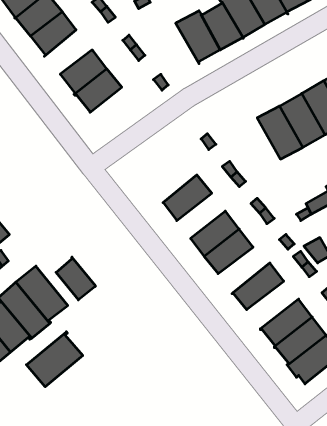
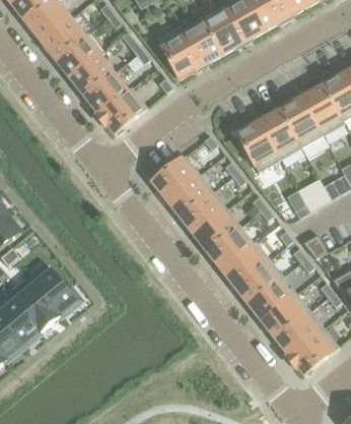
building: none -> [157,26,202,79]
building: none -> [54,34,103,78]
building: none -> [95,87,147,135]
building: none -> [236,120,280,172]
building: none -> [151,156,200,201]
building: none -> [181,192,227,236]
building: none -> [220,242,270,289]
building: [56,257,95,300] -> none
building: none -> [248,277,297,322]
building: [26,332,83,387] -> none

